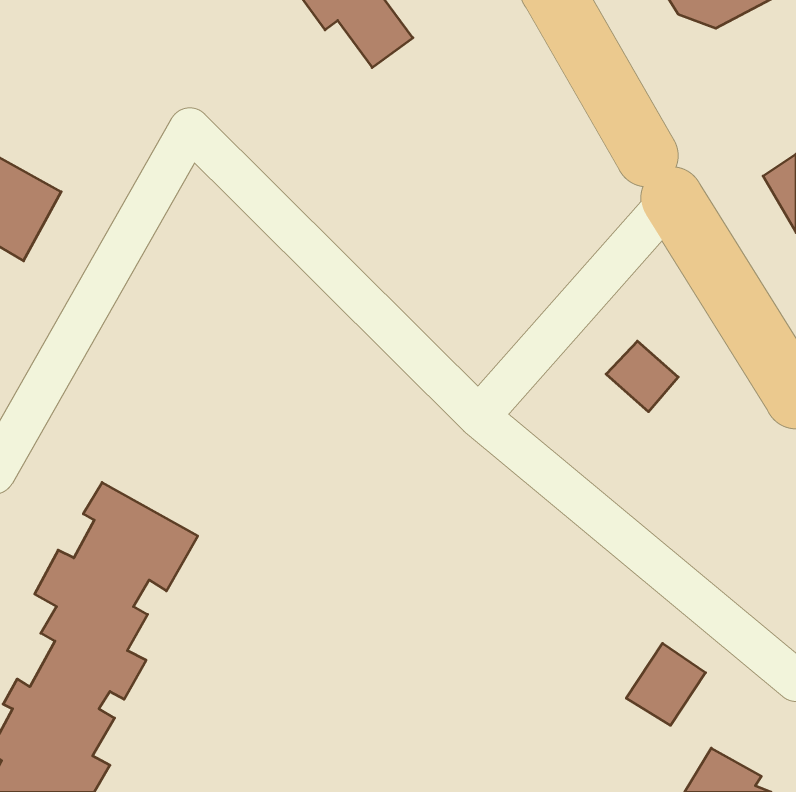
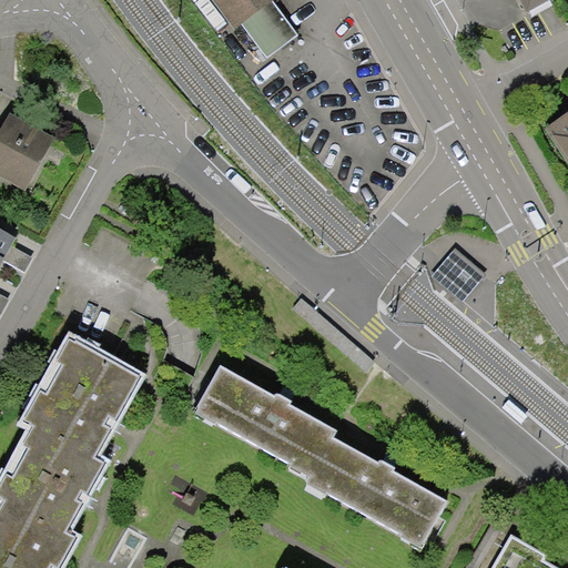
building: none -> [202,373,446,545]
building: [626,643,706,725] -> none

